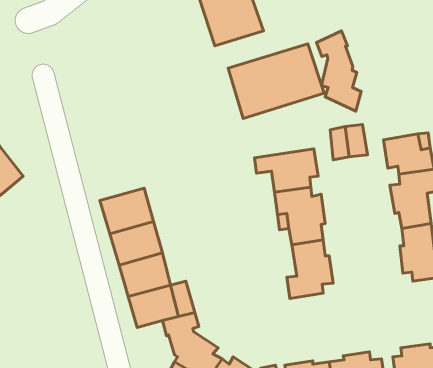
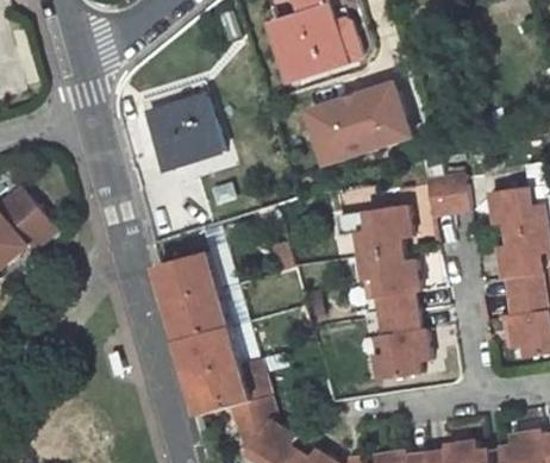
building: [316,31,361,111] -> none
building: none -> [148,95,225,169]

